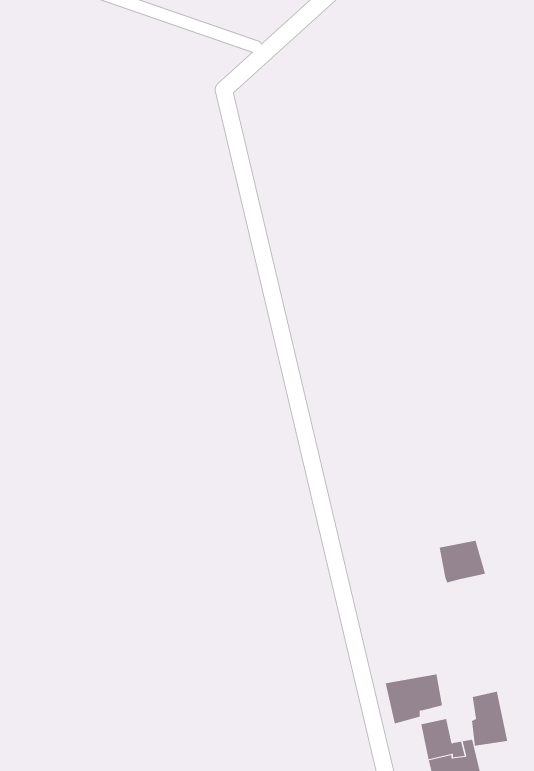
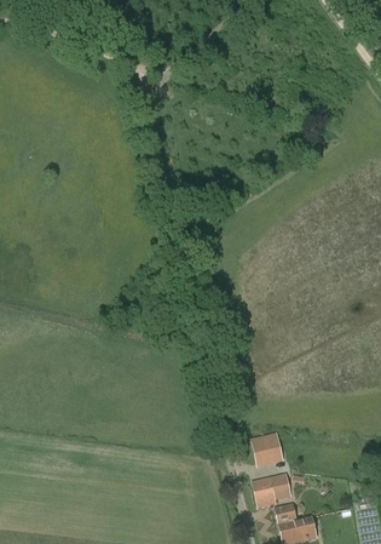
building: [439,540,486,583] -> [252,433,282,460]
building: [471,691,508,747] -> none

